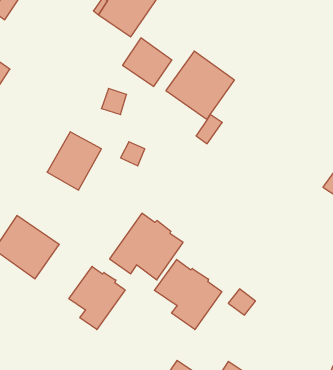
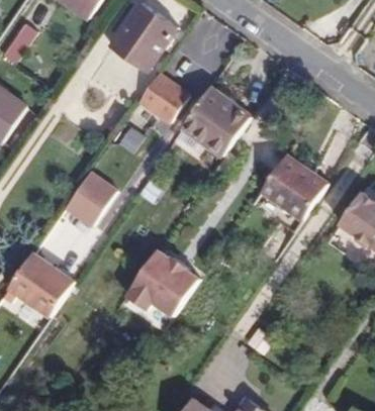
building: none -> [260,155,326,219]
building: [154,259,222,330] -> none
building: [69,266,125,330] -> none

